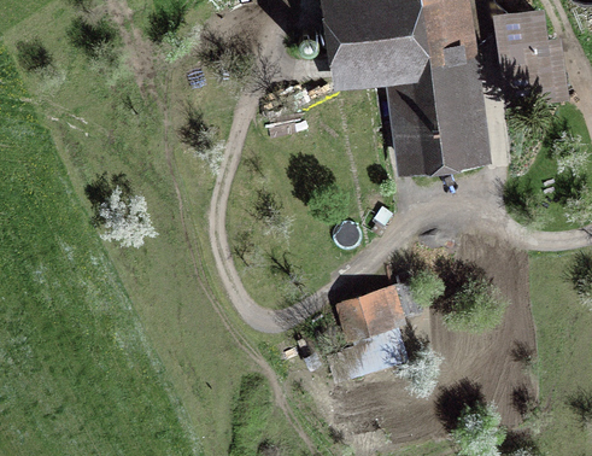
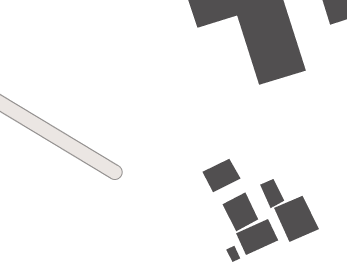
building: none -> [202,158,242,193]
building: none -> [273,195,320,243]

